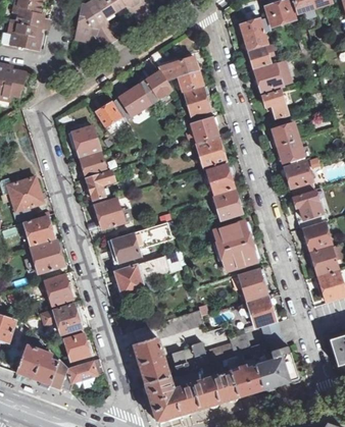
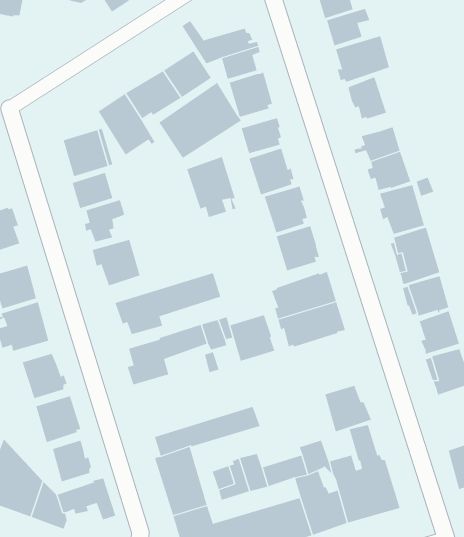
building: none -> [159,81,242,159]
building: none -> [187,156,236,218]
building: [239,268,269,300] -> [230,314,275,362]

